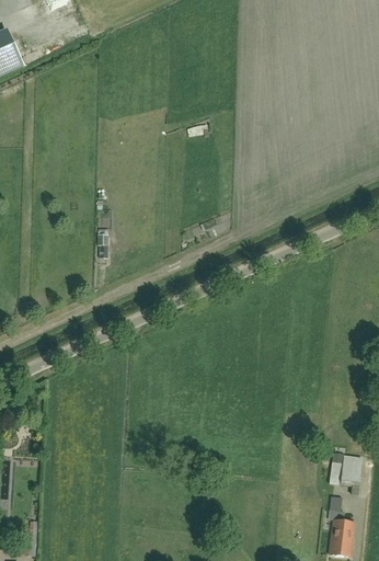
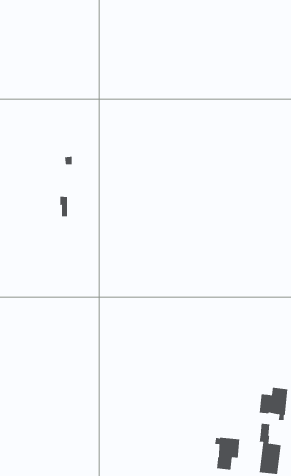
building: none -> [214,437,240,470]

